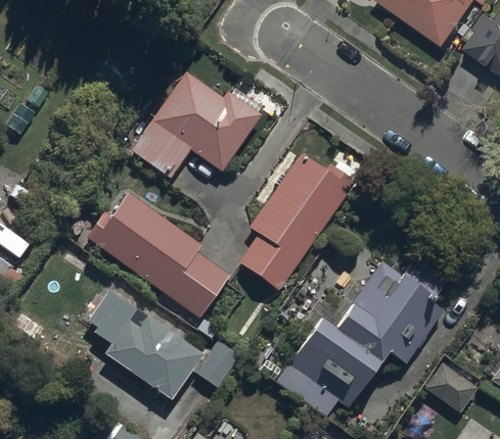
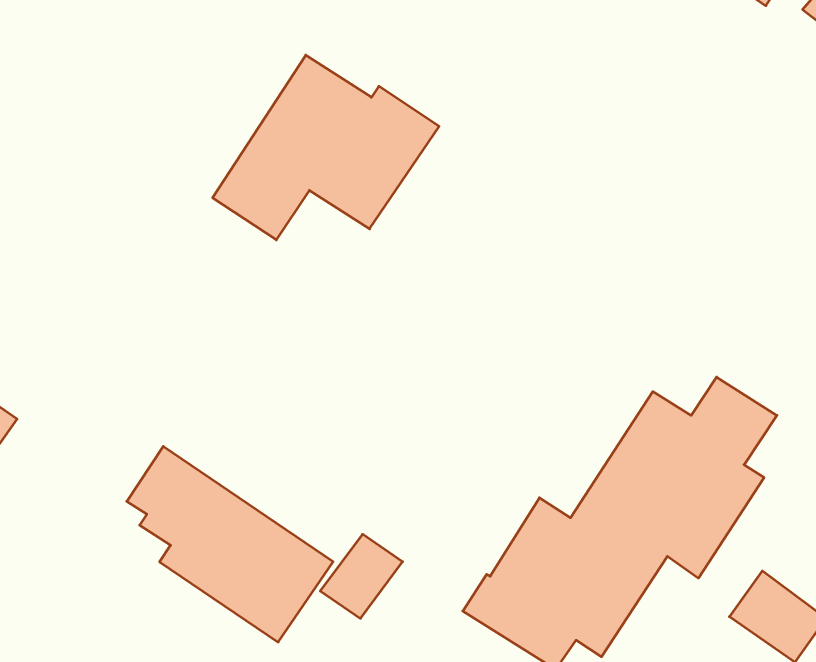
building: [237,146,359,290] -> none
building: [85,193,232,319] -> none

